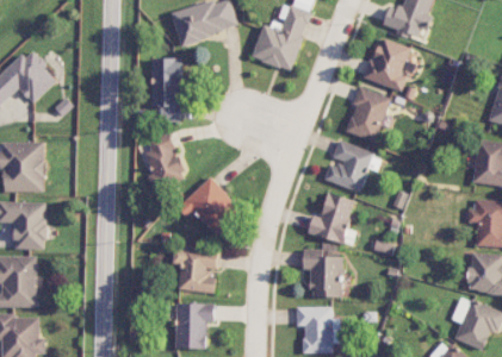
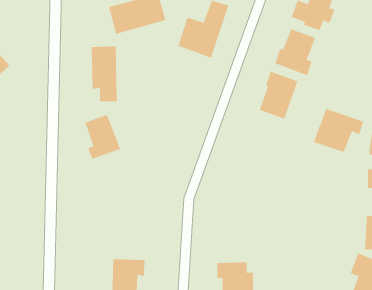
building: [323,142,382,193] -> [313,108,364,152]
building: [176,177,238,233] -> none
building: [306,194,354,244] -> none
building: [172,245,219,294] -> none
building: [302,250,342,299] -> none

